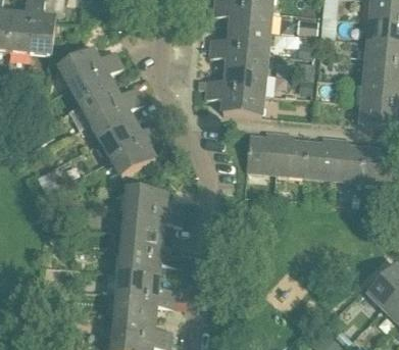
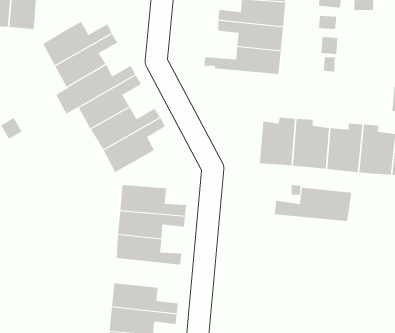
building: [205,89,262,116] -> none
building: none -> [274,187,352,222]
building: [119,252,178,278] -> none

